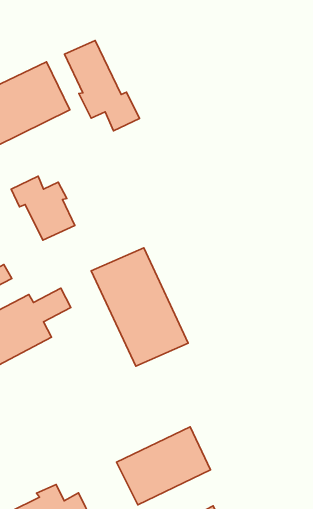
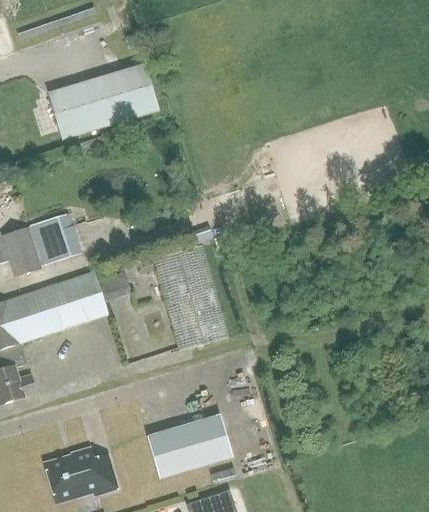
building: [65,40,139,131] -> none
building: [11,176,75,240] -> none

